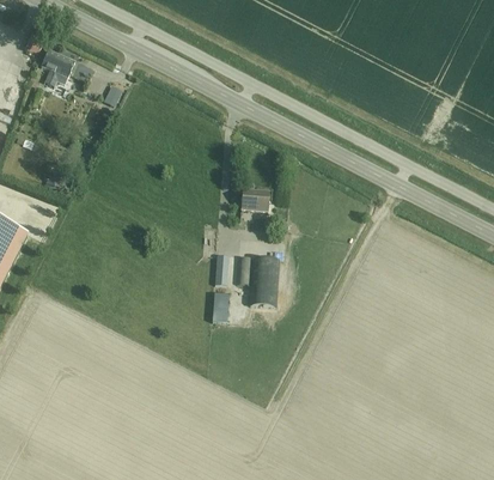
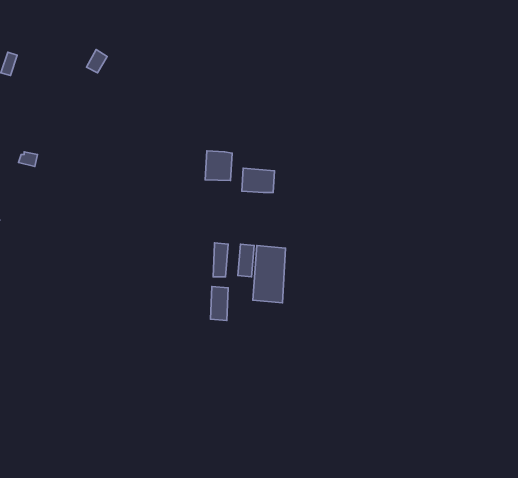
building: [42,47,74,83] -> none
building: none -> [205,151,232,181]

